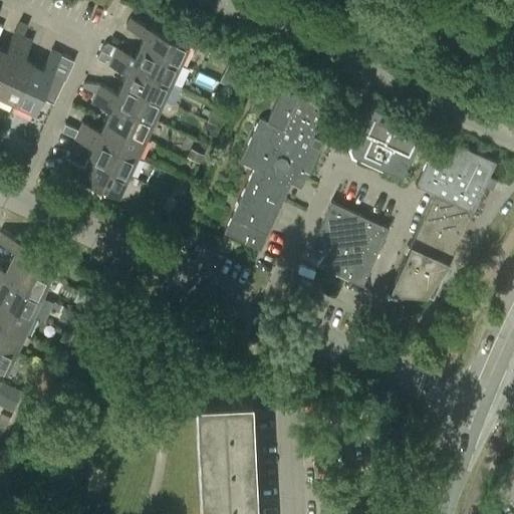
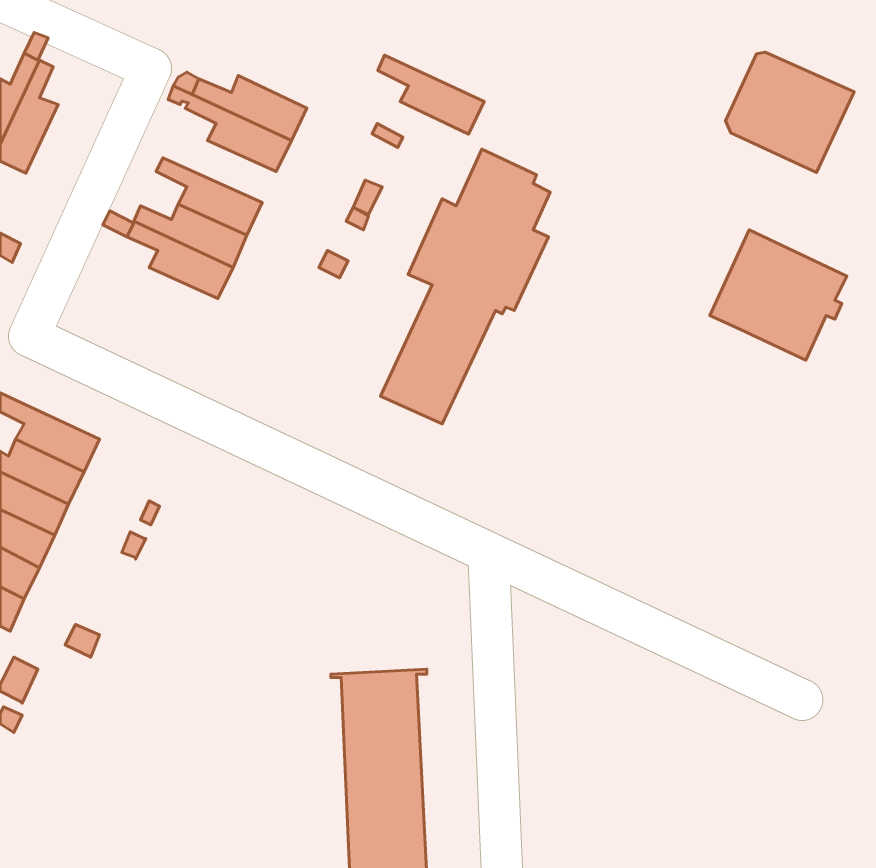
building: [126,22,189,68] -> [378,55,484,134]
building: [15,53,63,115] -> none
building: [81,86,162,123] -> none
building: [349,113,425,184] -> [726,52,854,172]
building: [60,162,127,200] -> none
building: [388,198,472,302] -> none
building: [305,207,389,289] -> none

